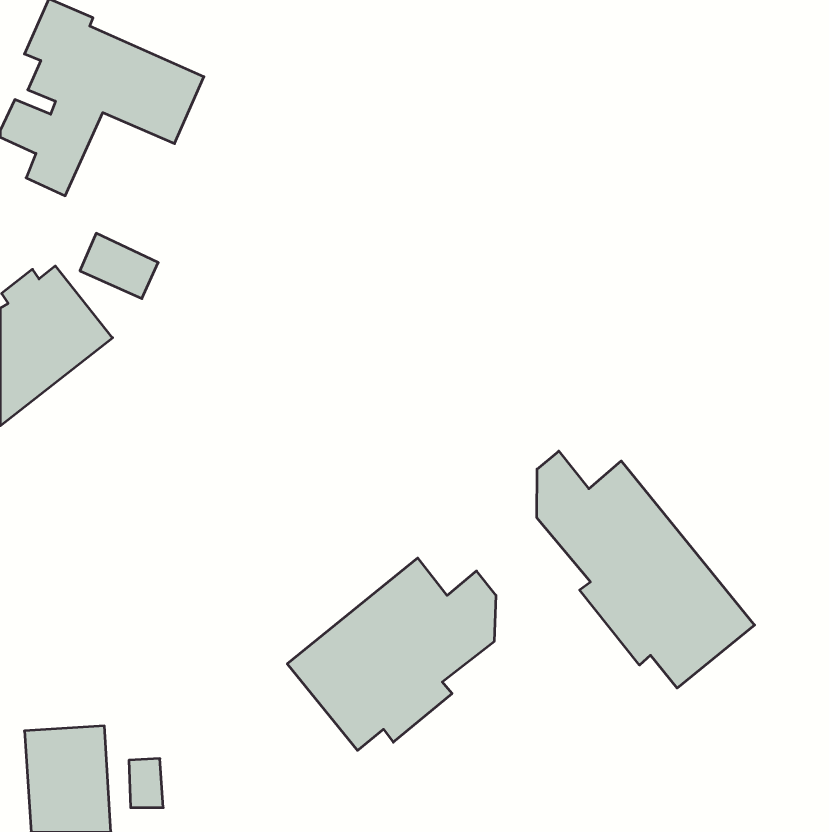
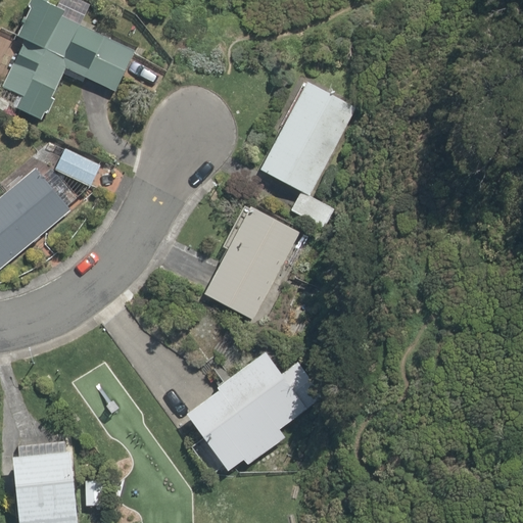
building: none -> [260,80,356,226]
building: none -> [205,208,298,321]
building: [537,451,755,688] -> none

